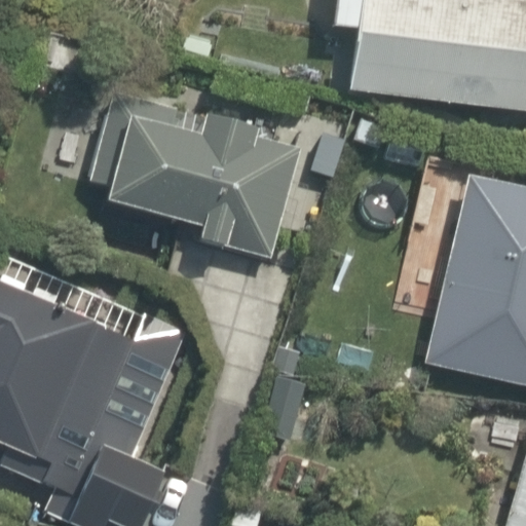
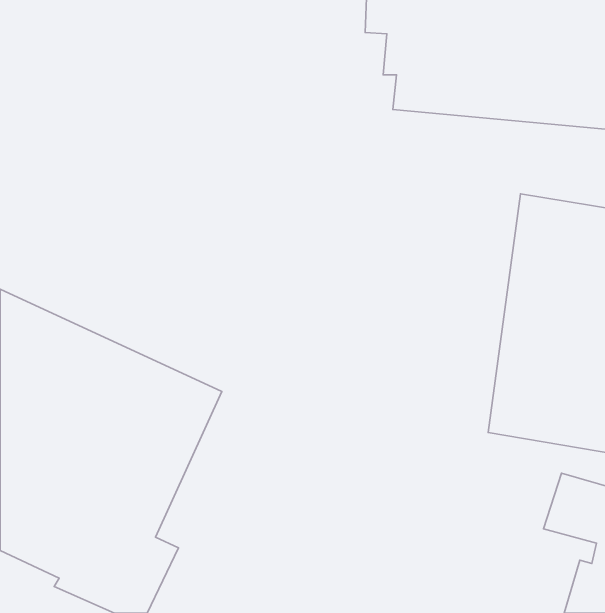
building: [99,96,309,259] -> none

